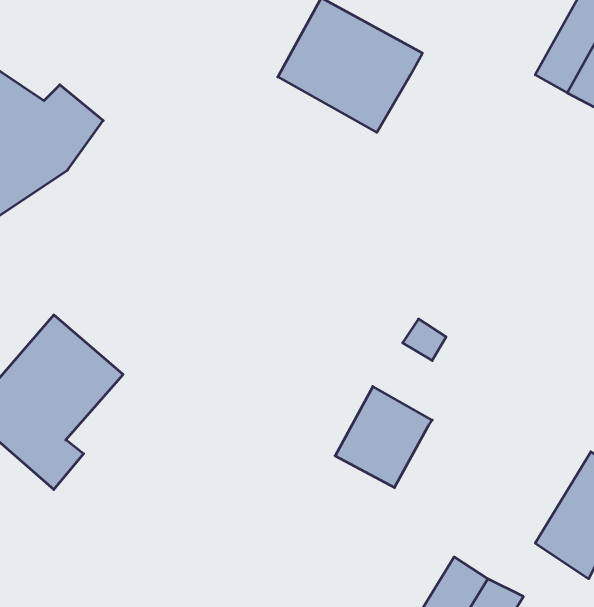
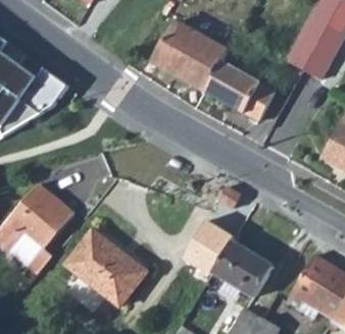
building: none -> [204,60,275,120]
building: none -> [65,229,145,304]
building: none -> [213,240,274,295]

